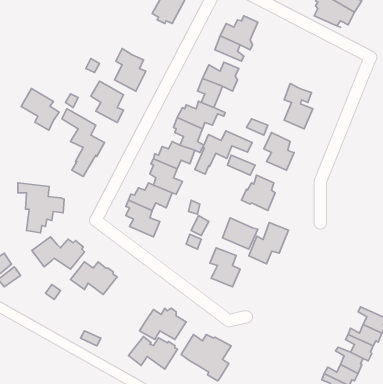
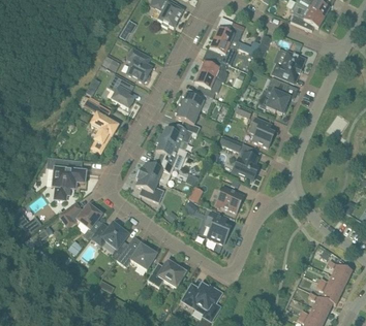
building: none -> [273,52,304,83]
building: [21,88,59,130] -> none
building: [195,131,252,174] -> none
building: [249,222,288,264] -> none
building: [128,337,177,369] -> [116,243,156,270]

